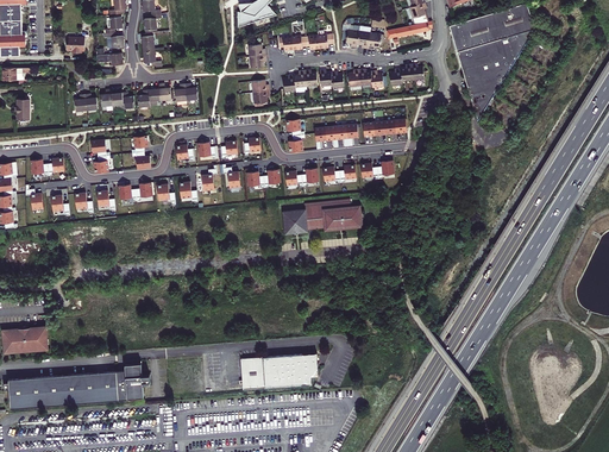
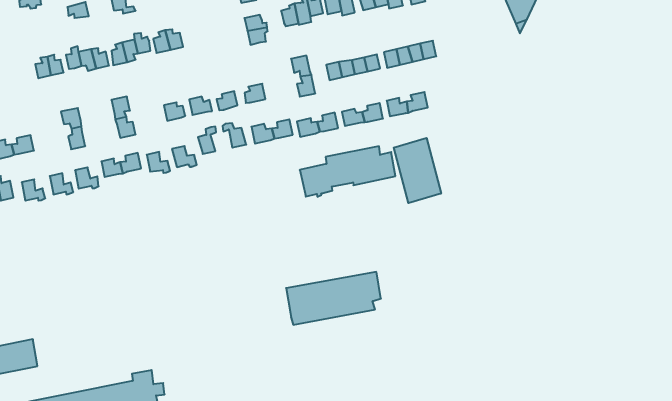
building: none -> [394,138,441,203]
building: [240,354,318,390] -> [286,272,381,325]

